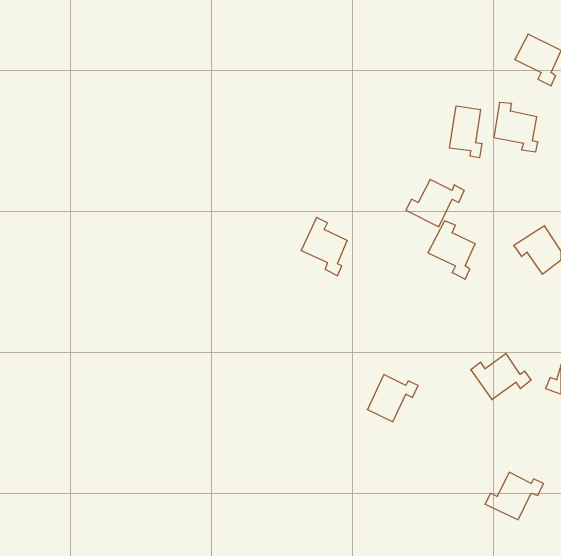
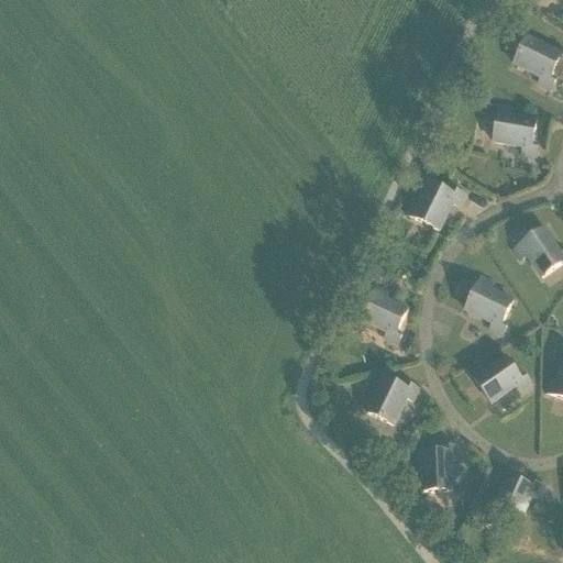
building: [450,106,482,158] -> none
building: [301,217,347,276] -> [361,283,407,341]
building: [428,221,475,279] -> [465,274,512,332]
building: none -> [416,442,459,487]

